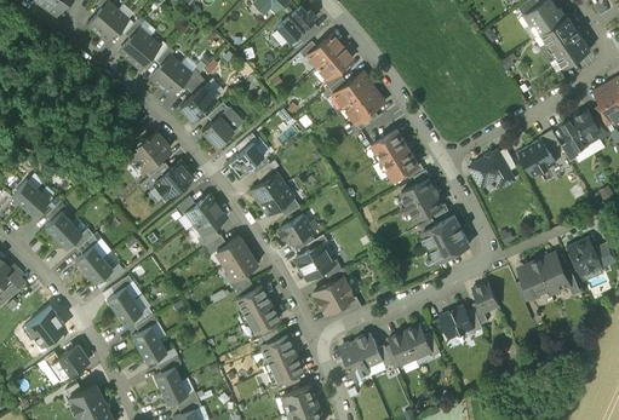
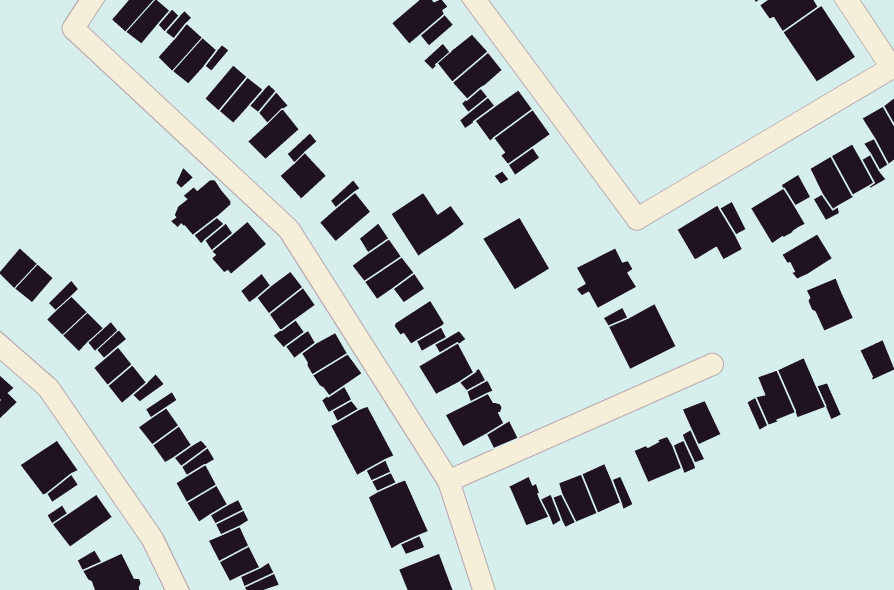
building: [372,131,418,180] -> [482,217,550,290]
building: none -> [390,192,465,257]
building: none -> [782,233,833,280]
building: [568,238,601,275] -> [806,278,854,331]
building: [339,341,369,380] -> none

